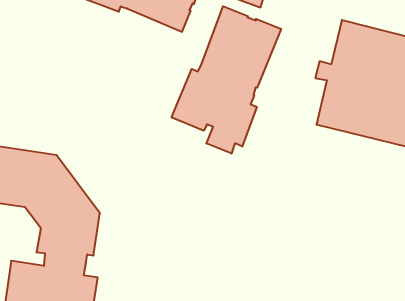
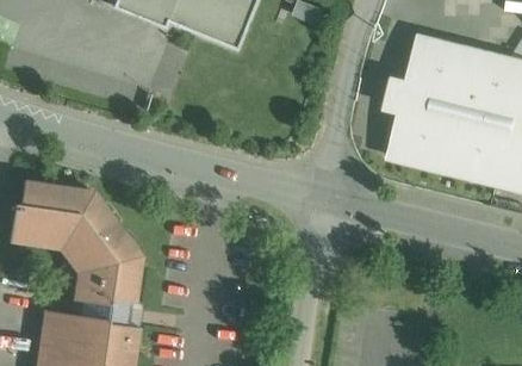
building: [172,6,281,154] -> none

